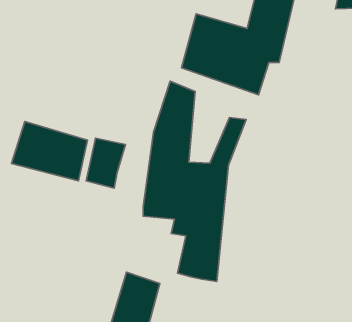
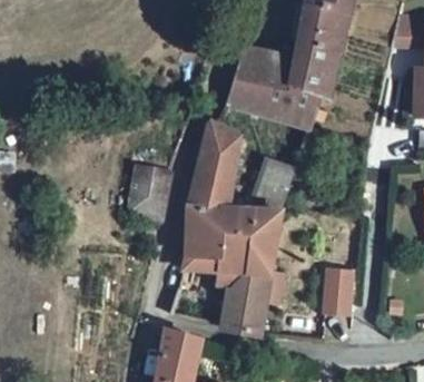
building: [11,121,88,181] -> none
building: none -> [319,290,346,333]

